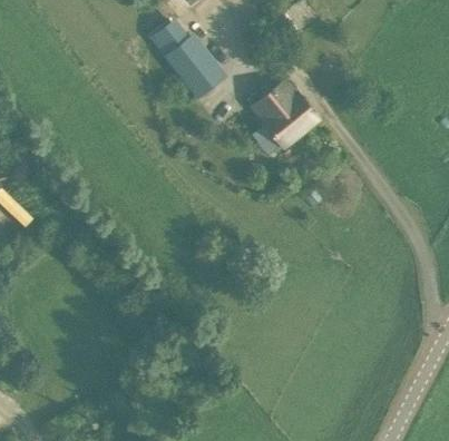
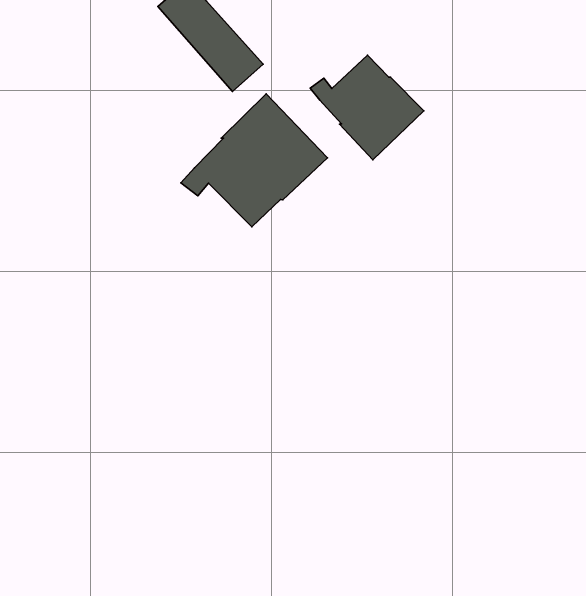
building: none -> [181,94,327,227]

